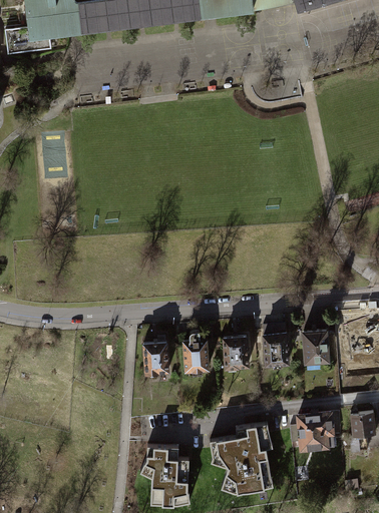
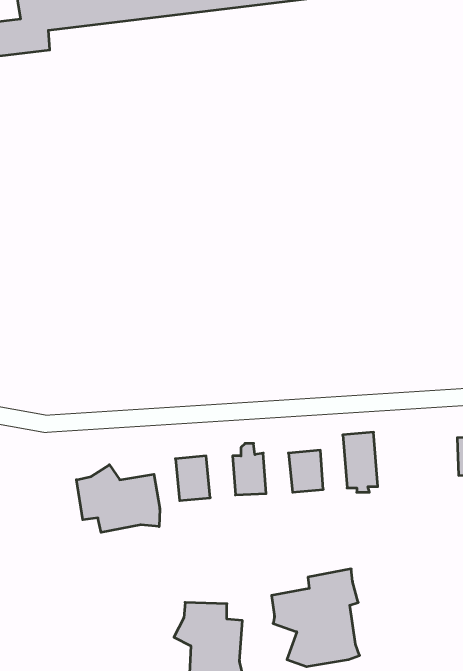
building: [302,331,328,362] -> none
building: none -> [76,465,160,532]
building: [297,413,334,449] -> none

